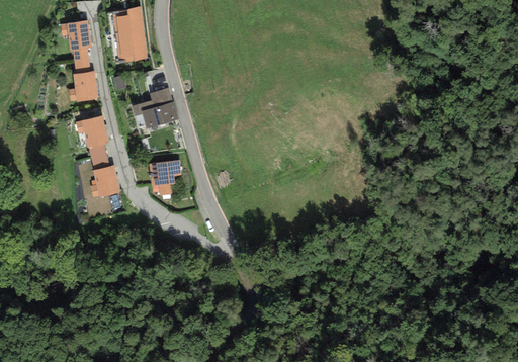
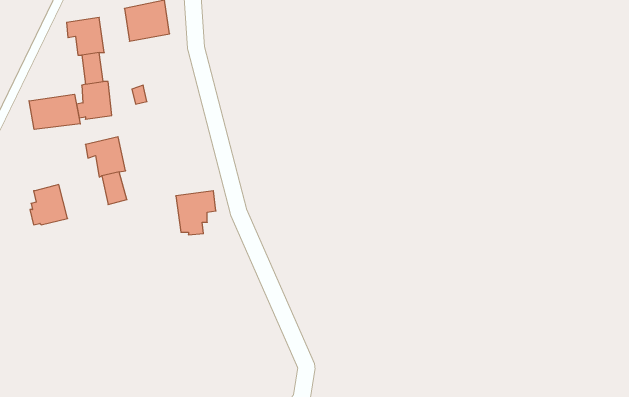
building: [111,32,147,63] -> none
building: none -> [29,94,80,129]
building: [132,87,178,128] -> none
building: [90,165,120,197] -> [30,185,68,225]

